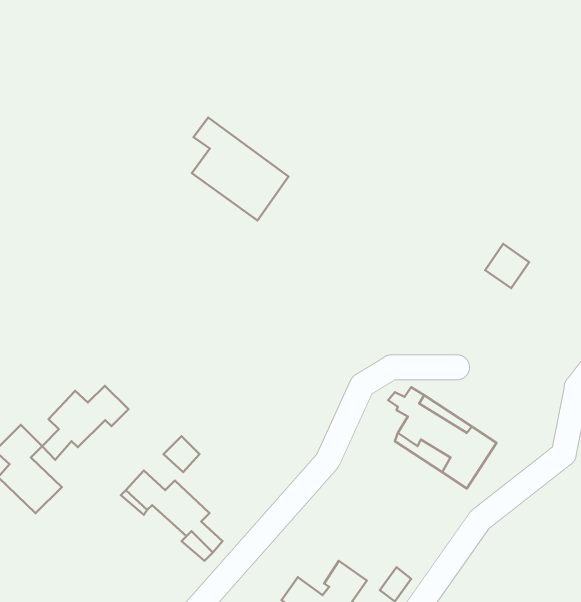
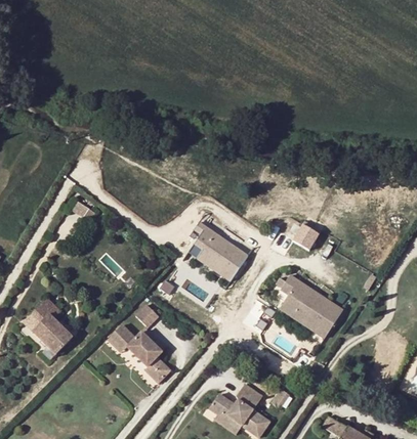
building: [192,117,289,221] -> [187,217,248,281]
building: [485,244,529,288] -> [290,222,318,250]
building: [42,386,128,460] -> none

